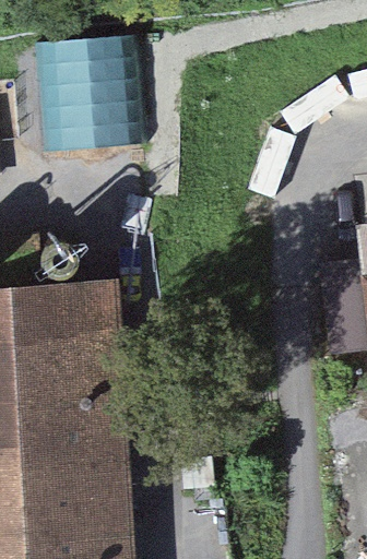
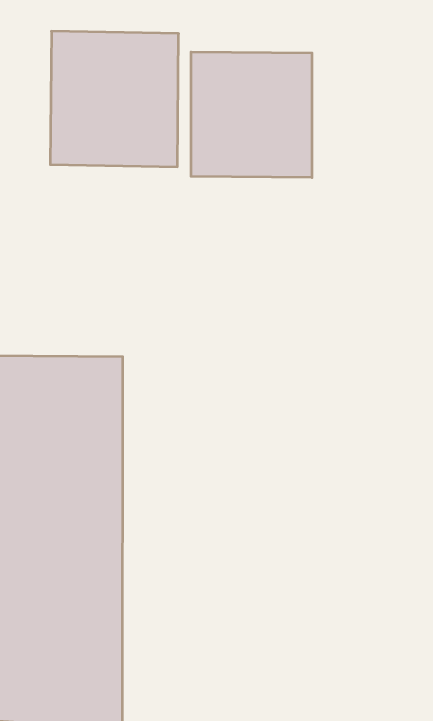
building: none -> [191,52,312,178]

